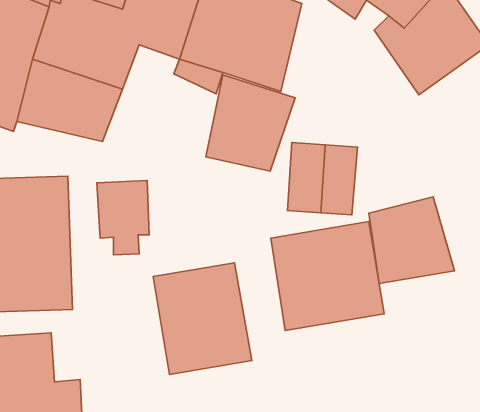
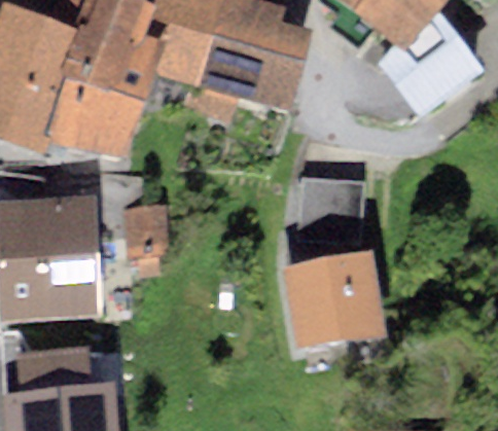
building: [206,75,295,171] -> none
building: [369,197,454,283] -> none
building: [153,263,252,374] -> none

